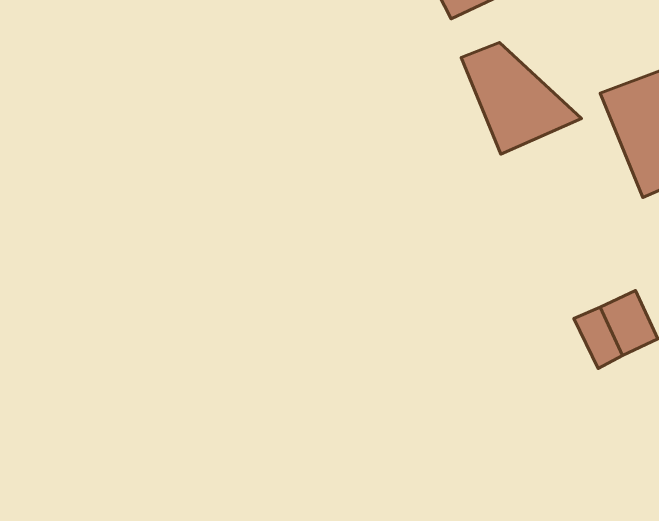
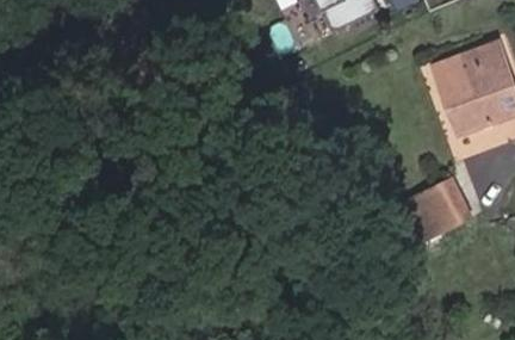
building: [461,43,581,154] -> none

